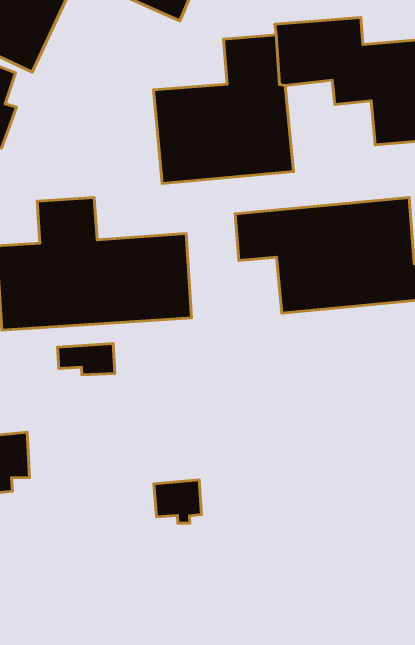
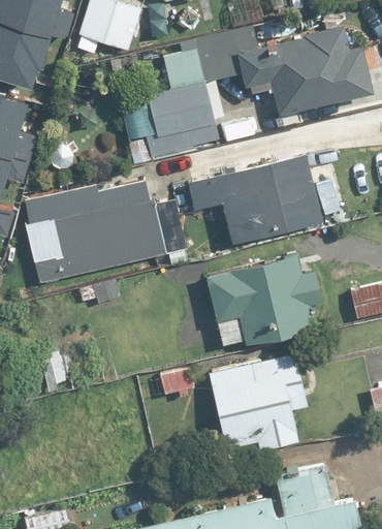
building: none -> [205,252,323,346]
building: none -> [209,351,309,450]

